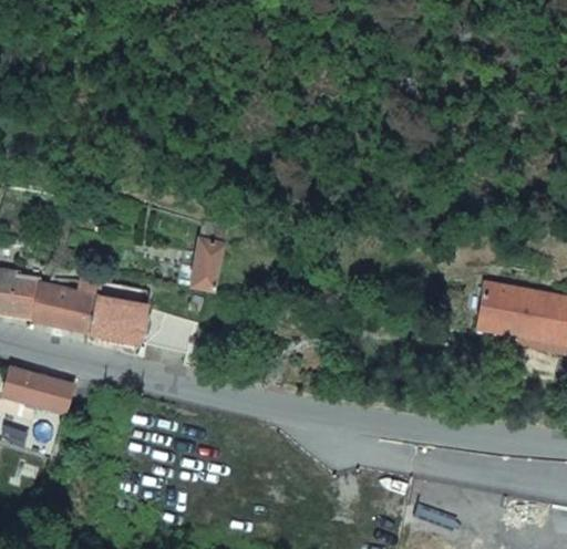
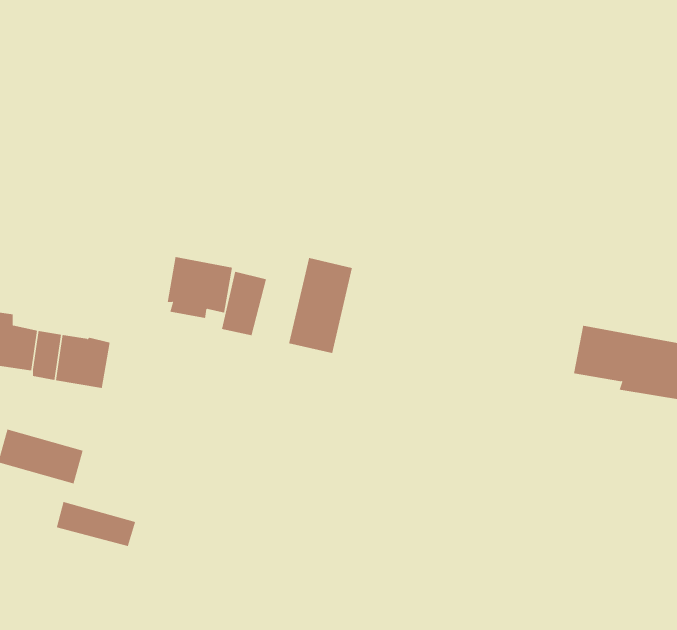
building: none -> [289,257,353,354]
building: [90,294,144,345] -> [167,257,233,319]
building: none -> [56,501,136,547]

